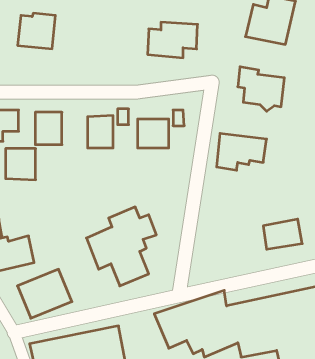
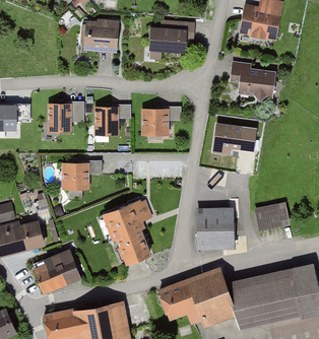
building: [18,13,55,49] -> [83,21,118,54]
building: [6,149,36,180] -> [62,165,89,194]
building: none -> [196,209,233,250]

